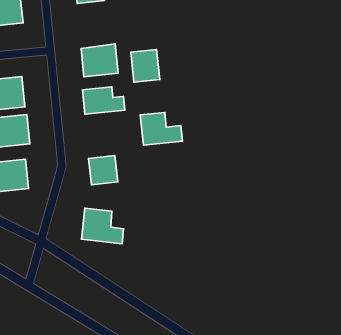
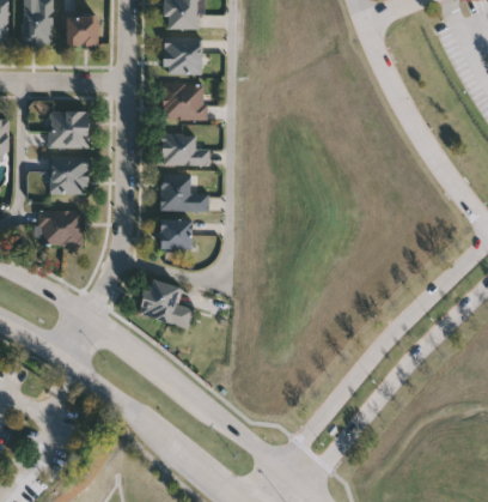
building: none -> [161,36,201,74]
building: [131,49,160,82] -> none
building: [140,112,182,145] -> [159,174,207,211]

